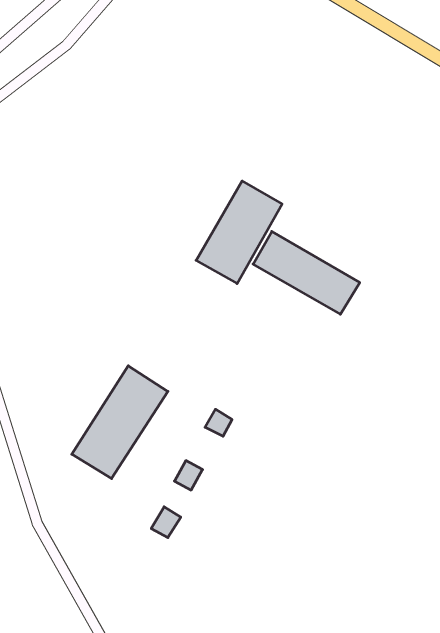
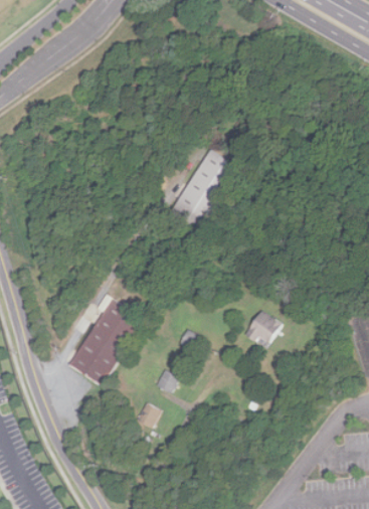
building: [253,231,360,314] -> none
building: none -> [243,308,282,343]

